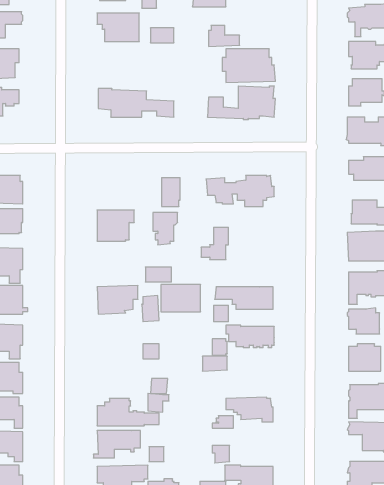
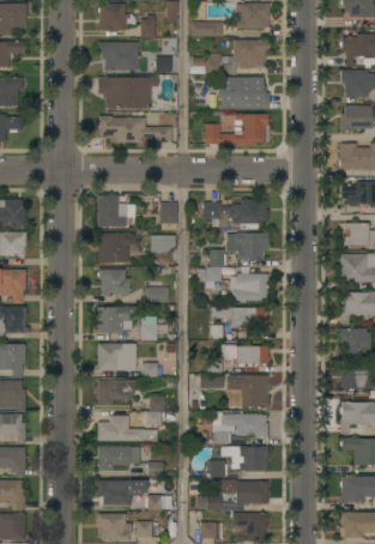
building: none -> [229,40,270,68]
building: none -> [97,77,158,108]
building: none -> [97,194,127,226]
building: none -> [235,232,268,259]
building: none -> [97,268,129,295]
building: none -> [230,273,268,300]
building: [161,285,201,312] -> [97,343,135,369]
building: none -> [228,374,268,407]
building: none -> [97,380,135,405]
building: none -> [238,446,267,471]

